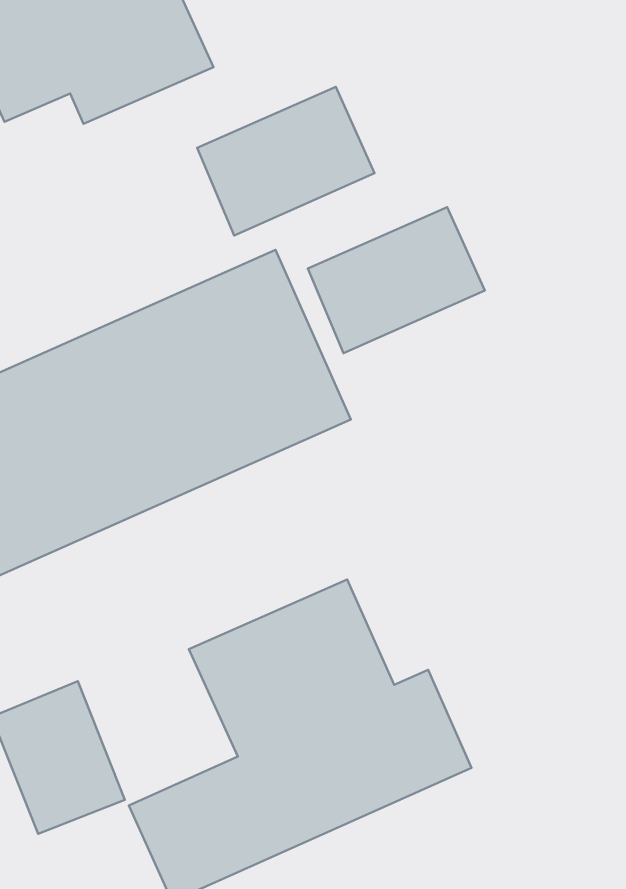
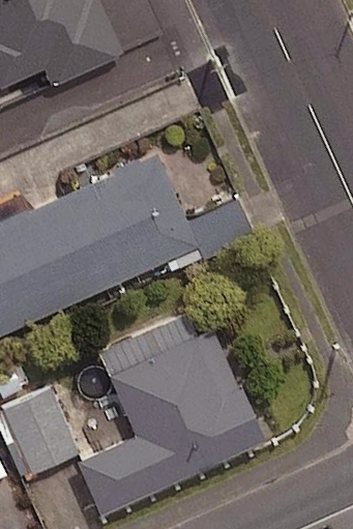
building: [197,87,375,235] -> none
building: [308,207,485,353] -> none

